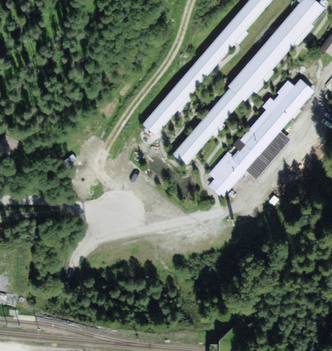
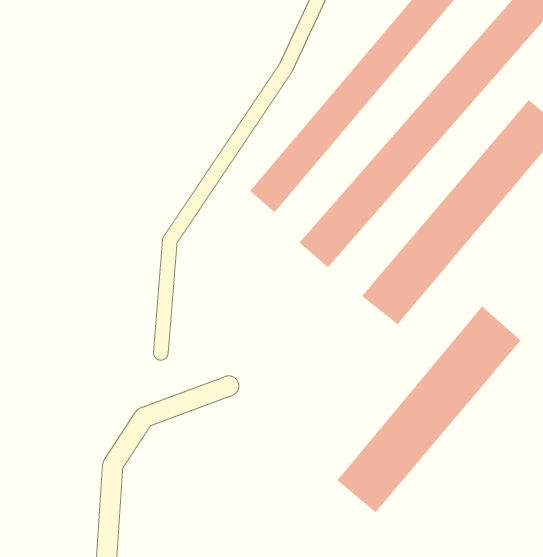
building: none -> [337,305,522,513]

